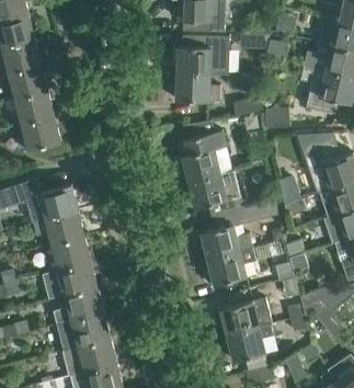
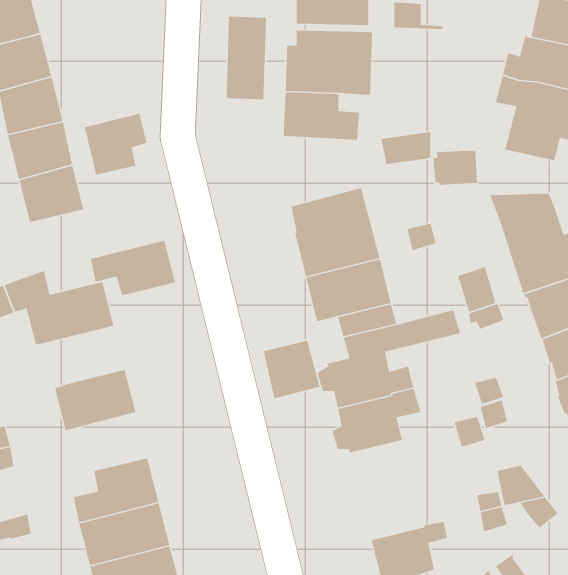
building: none -> [226,16,267,100]
building: none -> [84,113,148,175]
building: [33,210,83,243] -> [90,240,176,296]
building: none -> [263,340,320,399]
building: [42,261,96,299] -> none
building: [220,298,272,335] -> none

